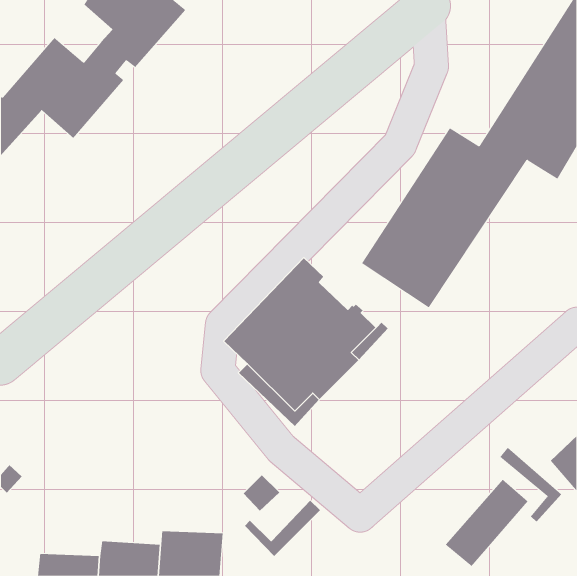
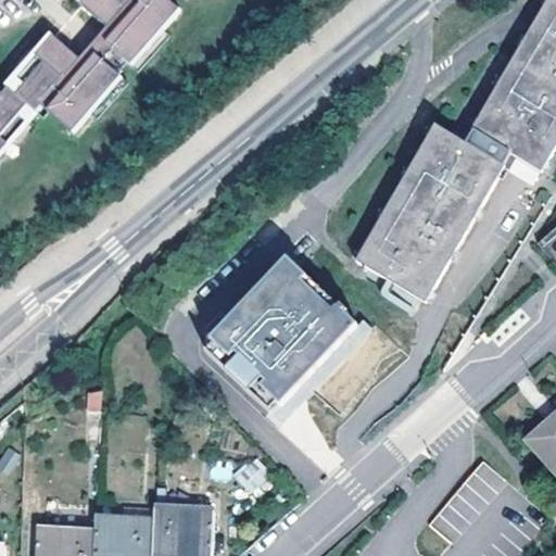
building: [499,447,562,523] -> none
building: [244,500,321,557] -> none

